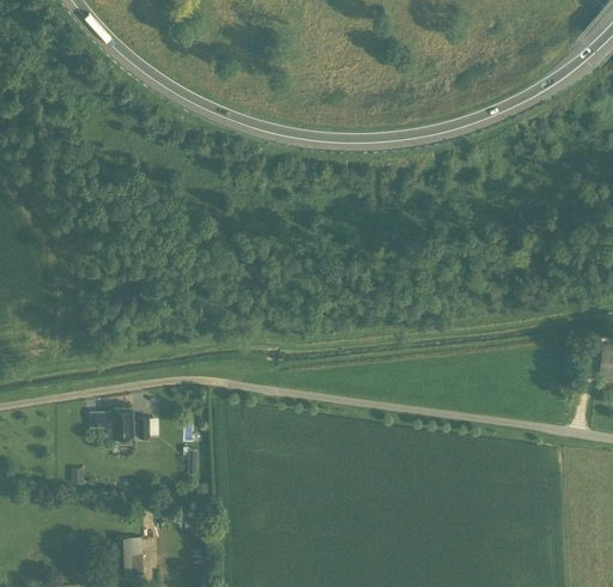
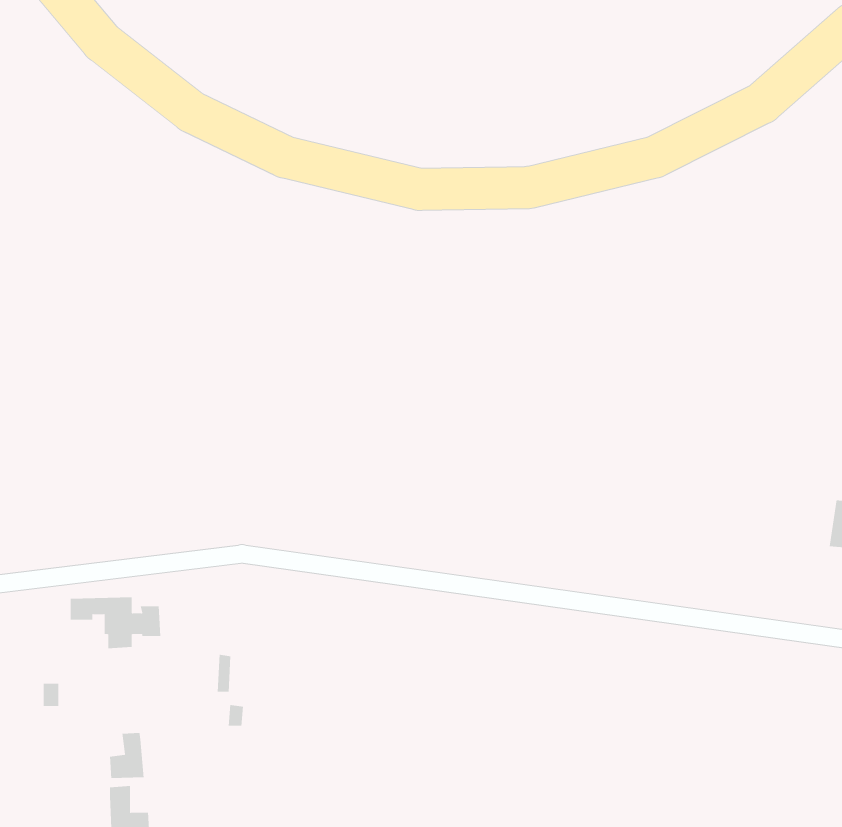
building: none -> [109,732,144,779]

